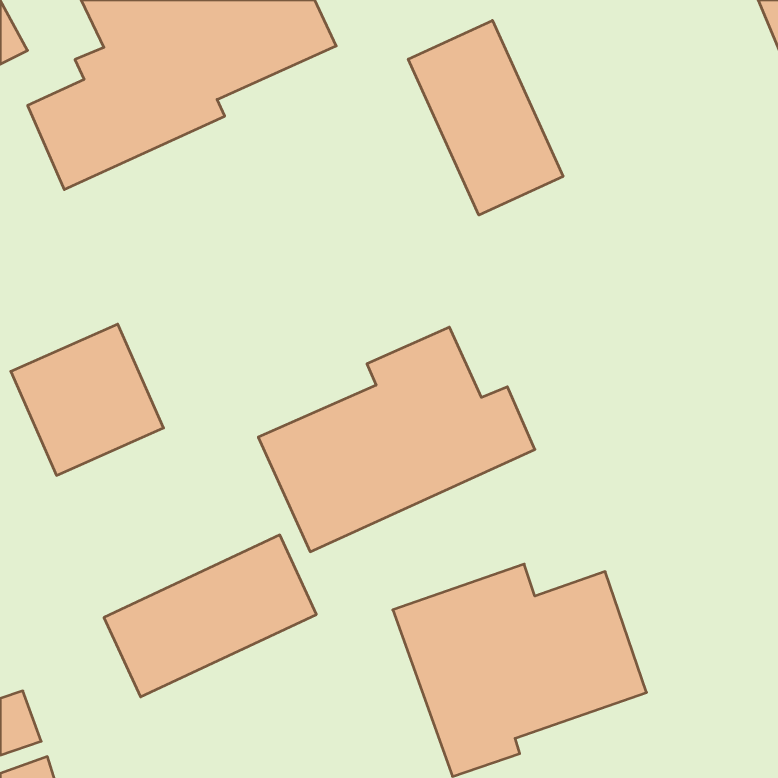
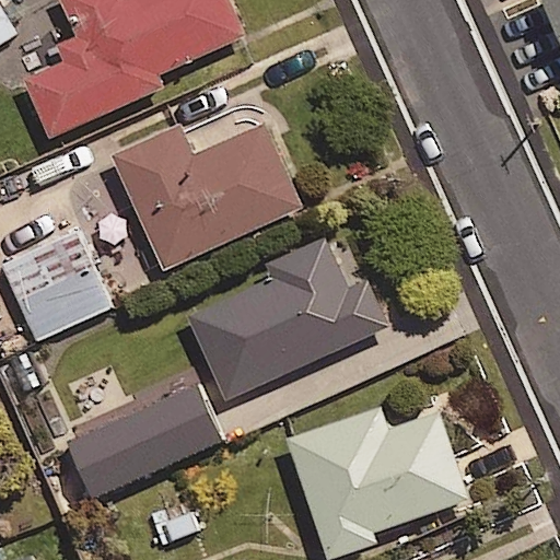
building: [408,20,563,215] -> none
building: none -> [109,122,302,270]

